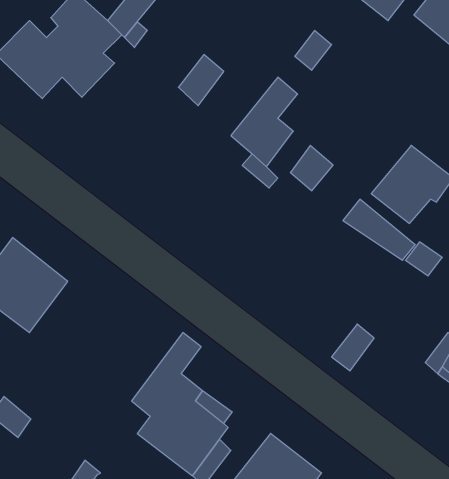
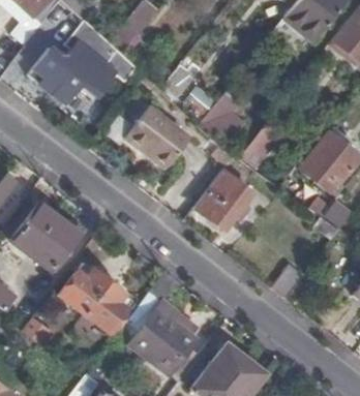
building: none -> [124,104,190,165]
building: none -> [196,171,252,231]
building: none -> [59,263,131,331]

